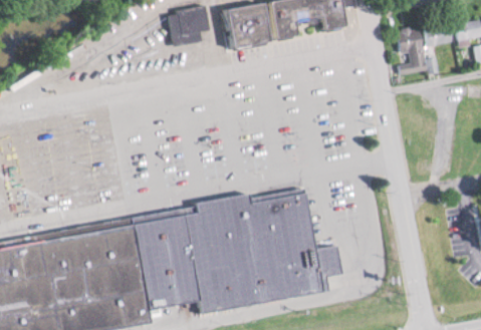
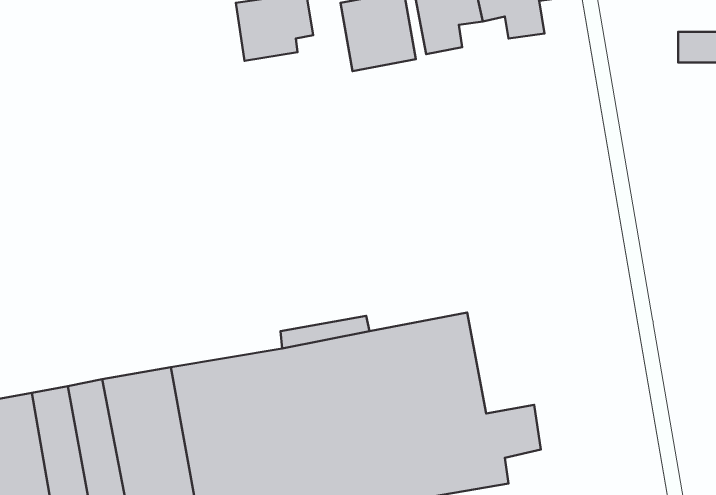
building: [396,25,426,75] -> none

